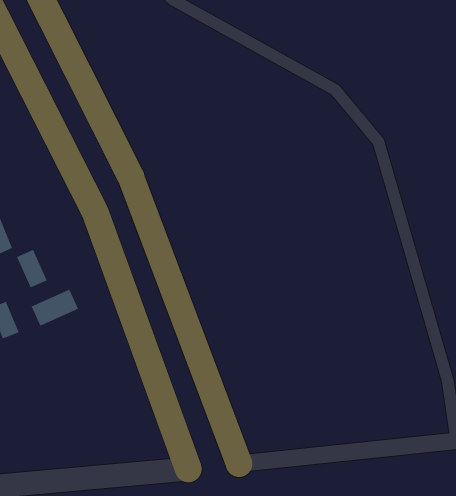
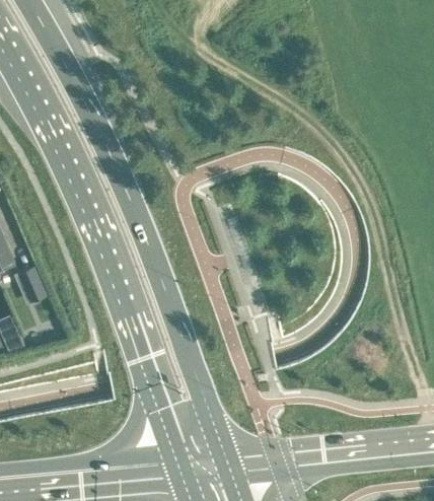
building: [31,289,79,326] -> none

